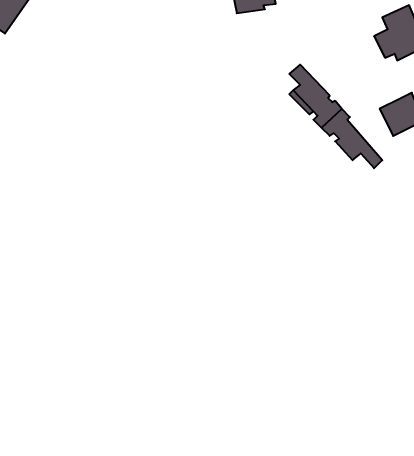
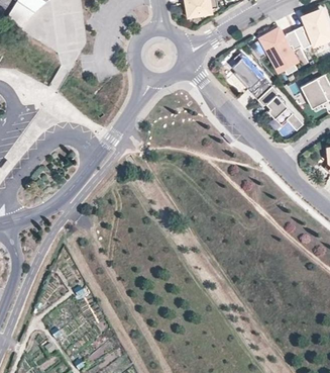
building: none -> [262,29,303,74]

